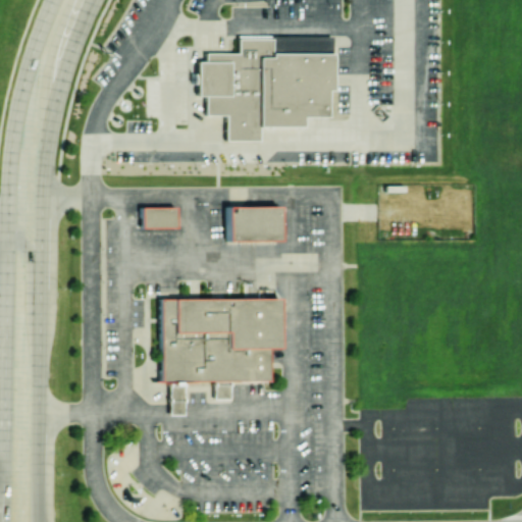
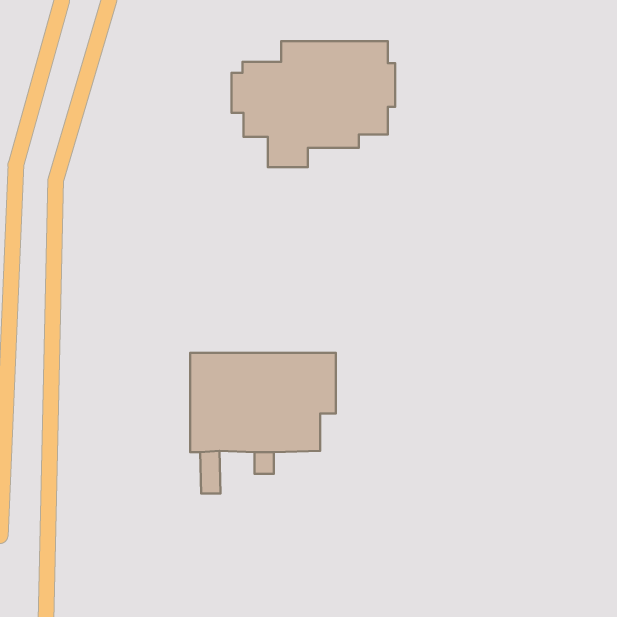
building: [142,207,175,227] -> none
building: [229,207,280,242] -> none

